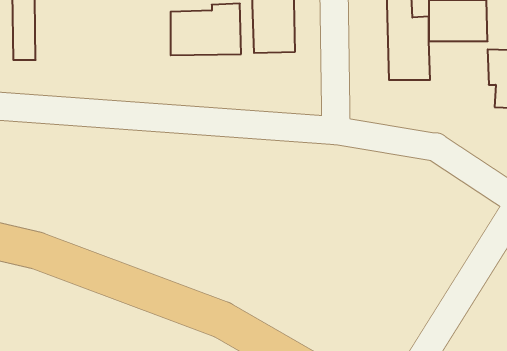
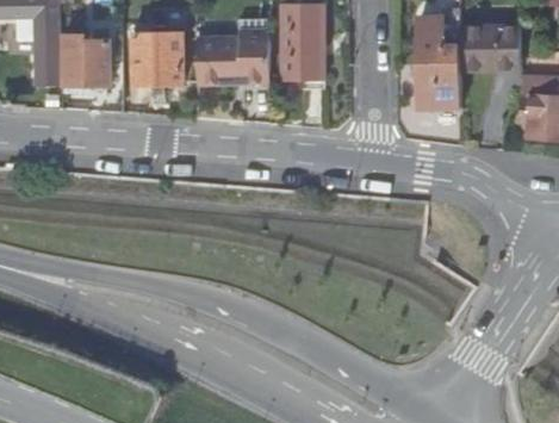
building: none -> [133,32,182,82]
building: none -> [63,35,110,82]

